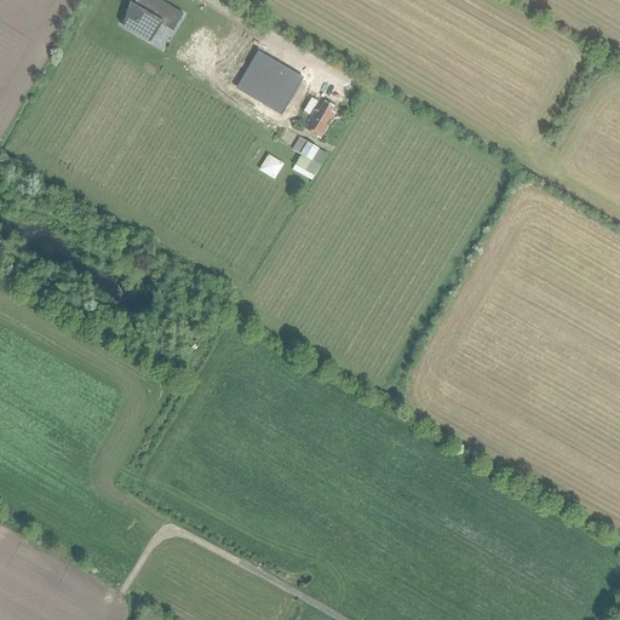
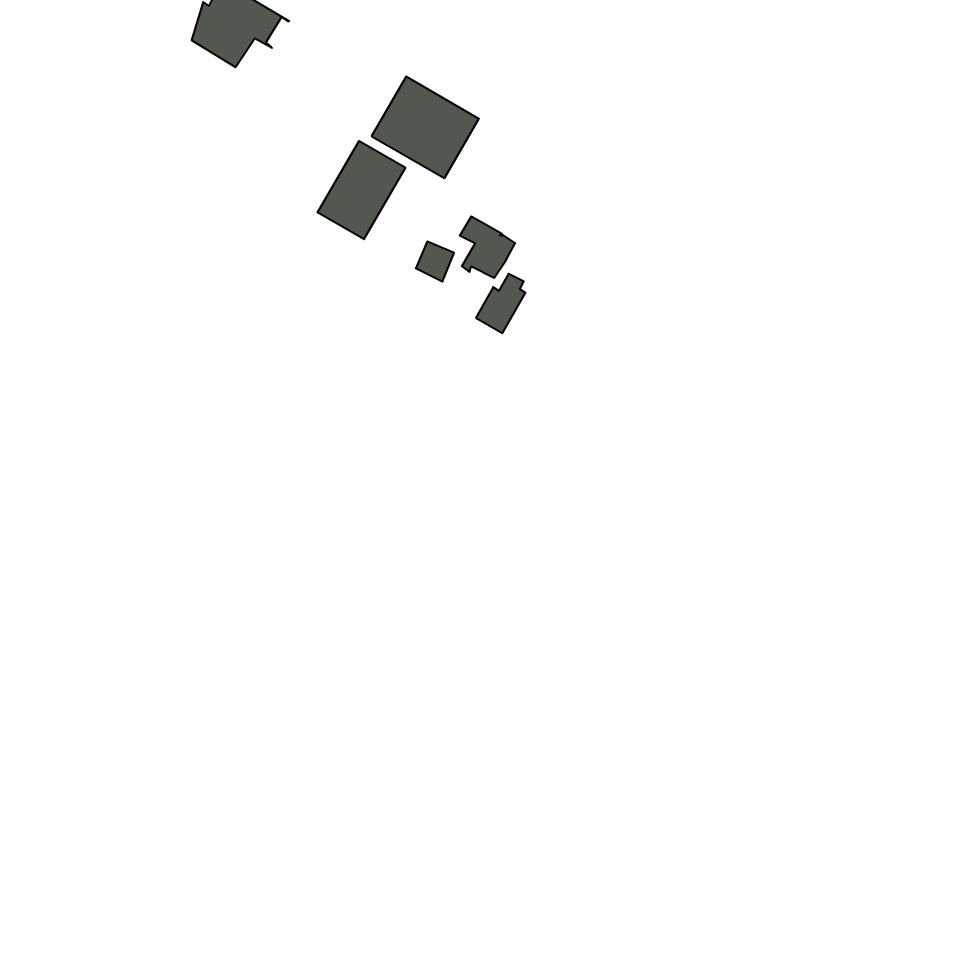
building: none -> [318,141,405,239]
building: [304,102,335,139] -> [476,274,526,333]

